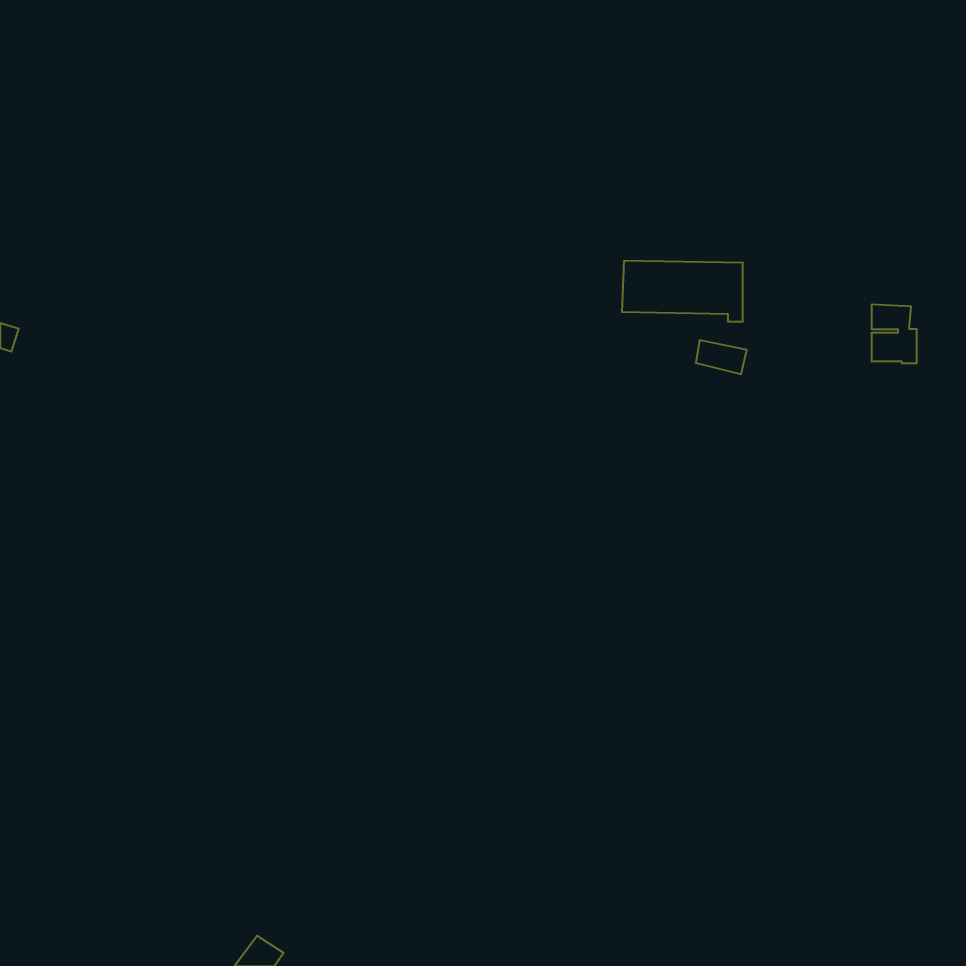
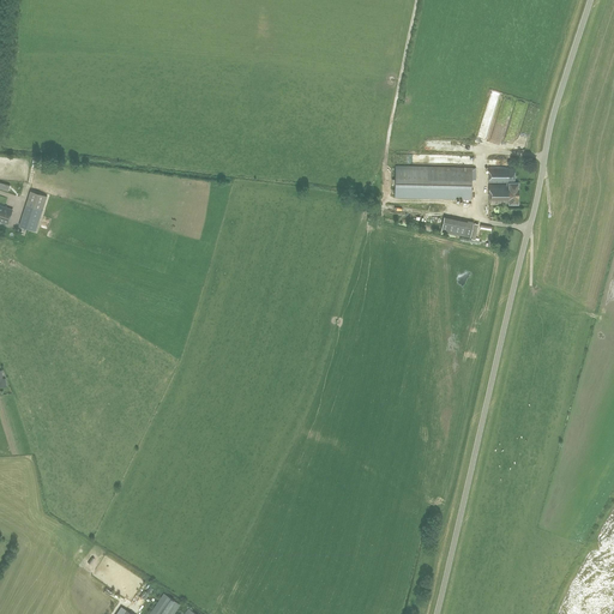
building: none -> [18,191,47,231]
building: [871,305,917,363] -> [489,167,518,204]

